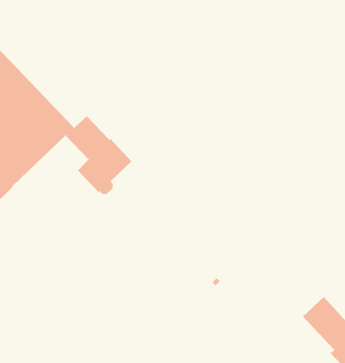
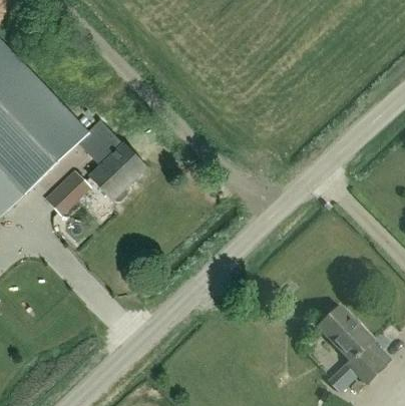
building: none -> [43,169,91,216]

